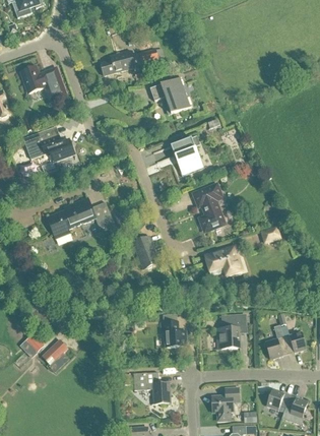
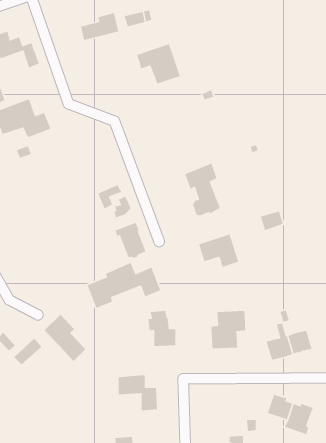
building: [171,136,203,174] -> none
building: [48,197,114,239] -> [87,262,161,309]
building: none -> [44,314,86,362]
building: [212,387,240,420] -> none

